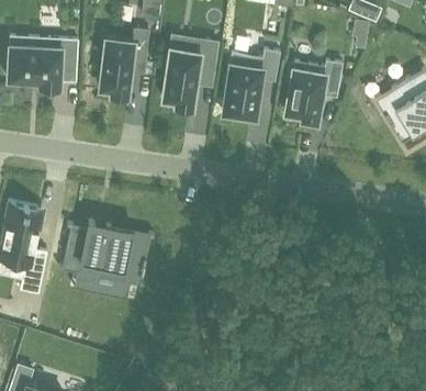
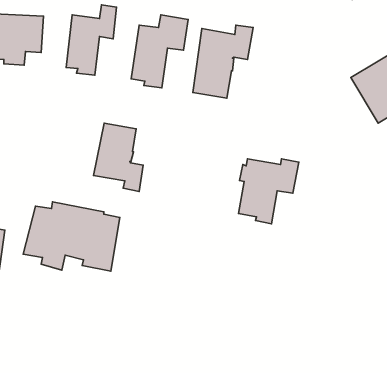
building: [284,62,343,124] -> [238,159,299,224]
building: none -> [94,123,143,192]

